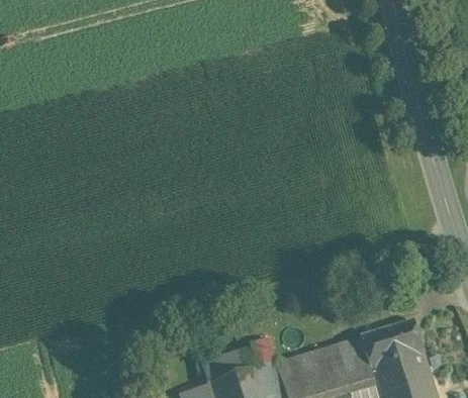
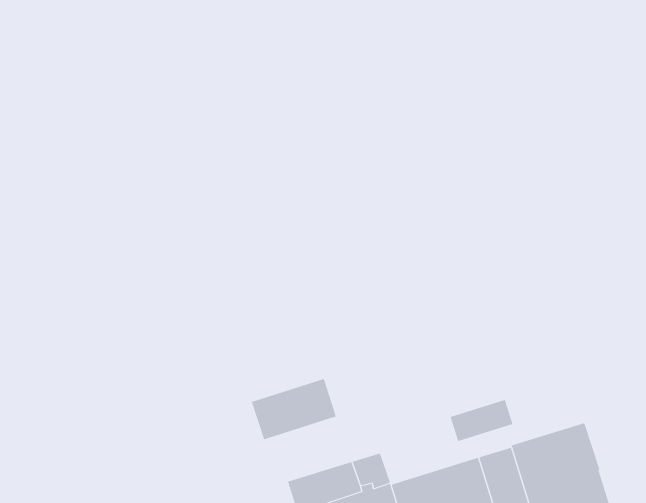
building: none -> [251,378,337,440]
building: none -> [450,399,513,442]

